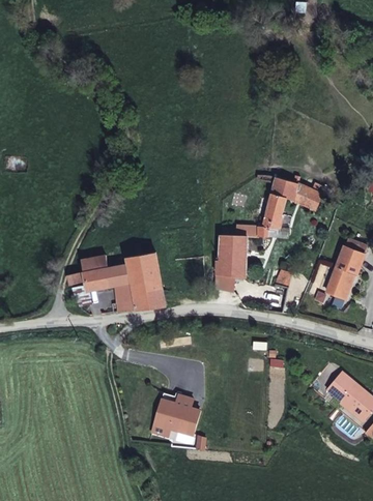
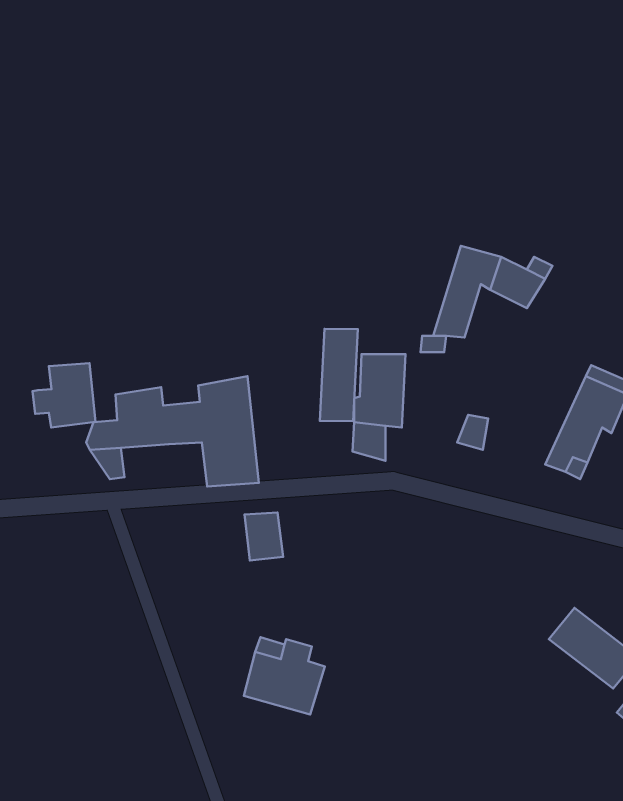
building: none -> [320,329,358,421]
building: none -> [33,363,96,428]
building: [111,285,133,312] -> [244,513,283,560]

